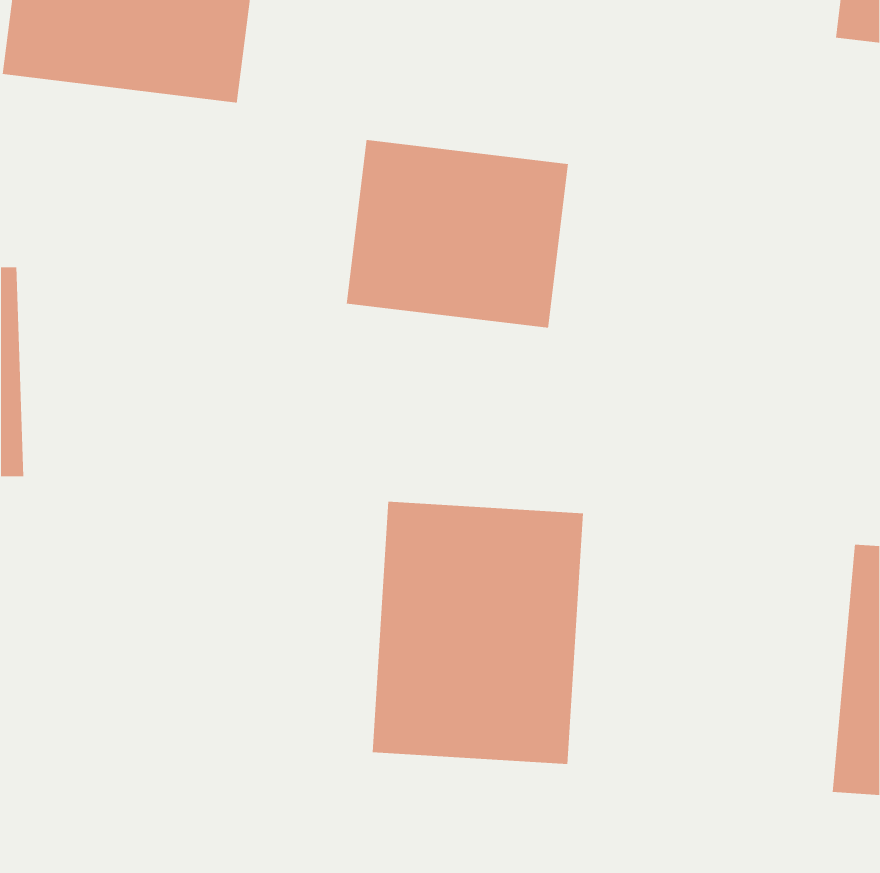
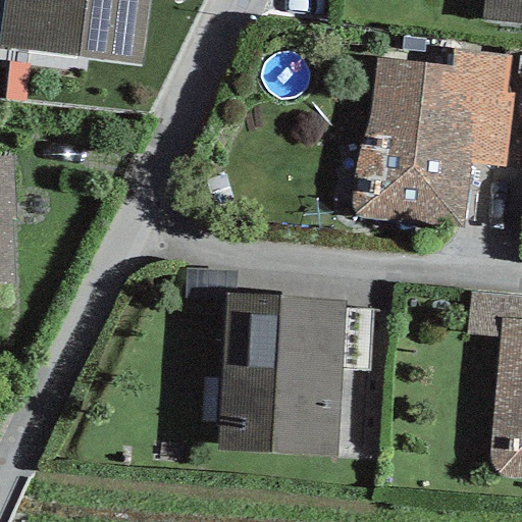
building: none -> [356,53,511,225]
building: [346,139,569,328] -> none

